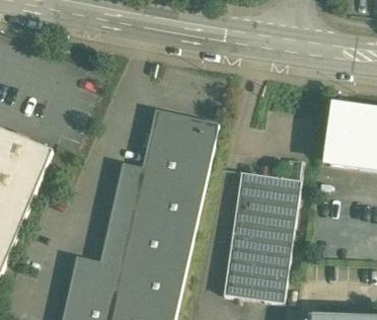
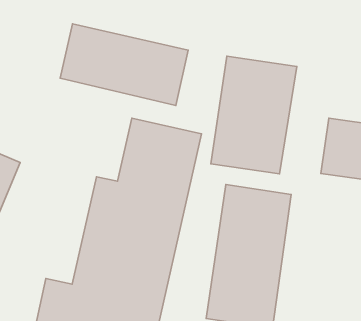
building: none -> [60,24,188,105]
building: none -> [211,56,297,174]

